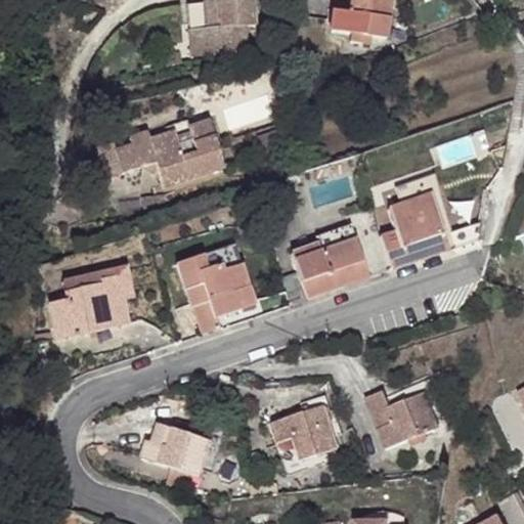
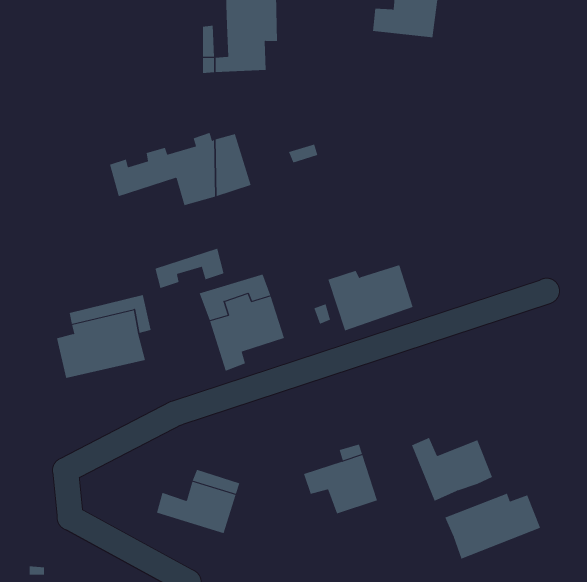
building: [381,190,454,265] -> none
building: none -> [155,248,224,289]
building: none -> [444,493,541,560]

